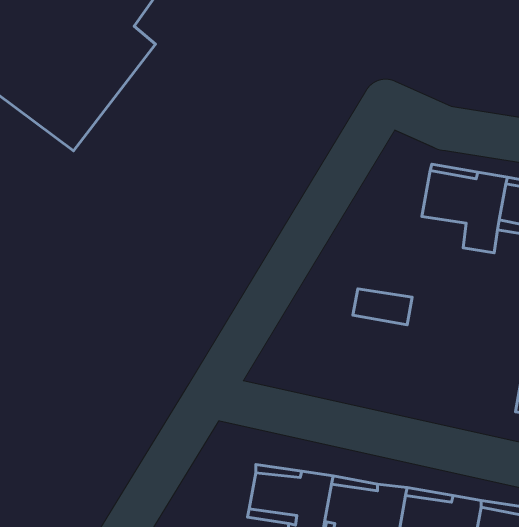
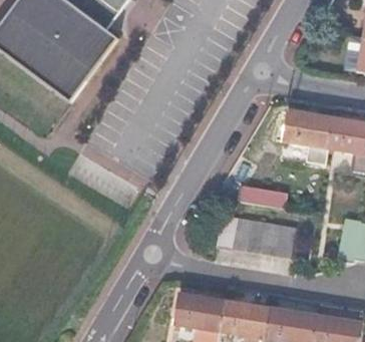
building: none -> [232,219,296,258]

